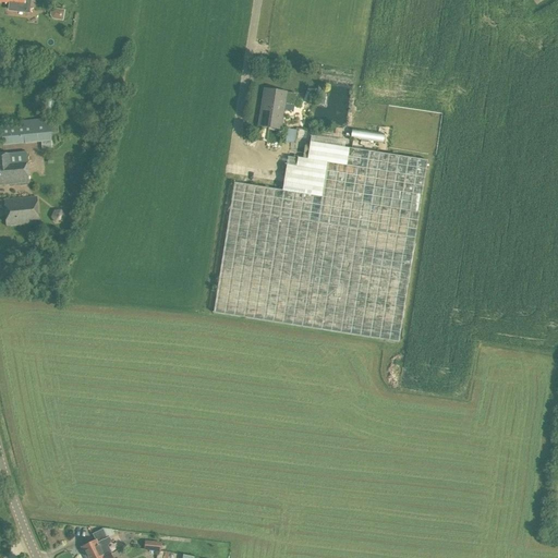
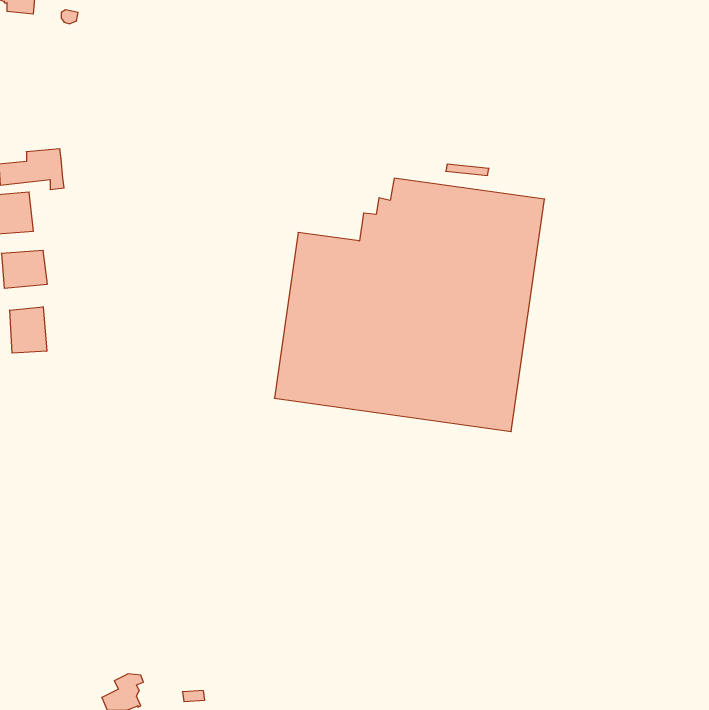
building: [258,88,293,128] -> none
building: none -> [10,307,47,353]

